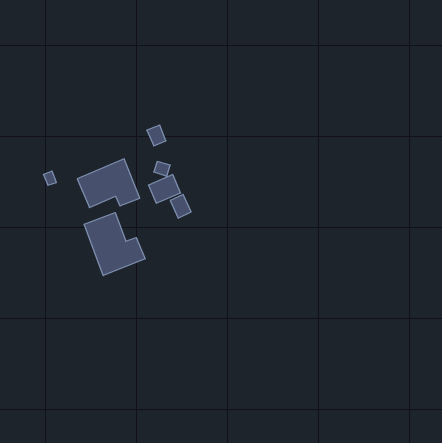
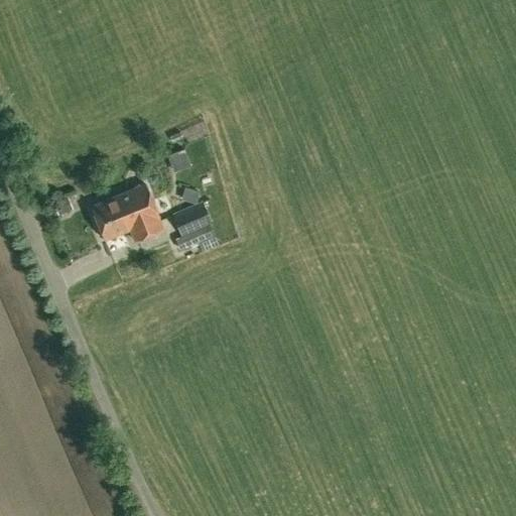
building: [84,213,145,276] -> none

